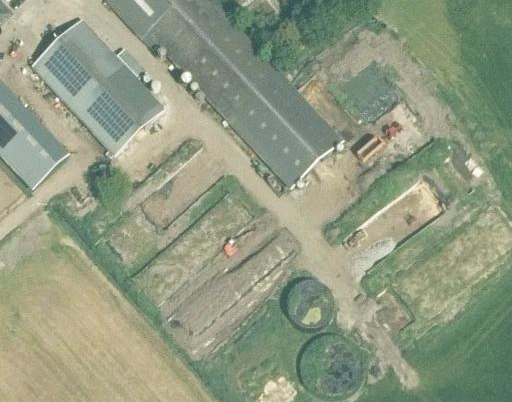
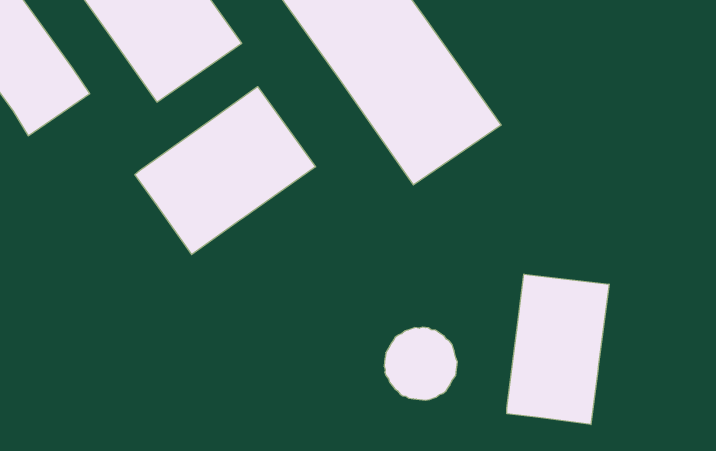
building: none -> [135,87,316,255]
building: none -> [507,274,609,425]

